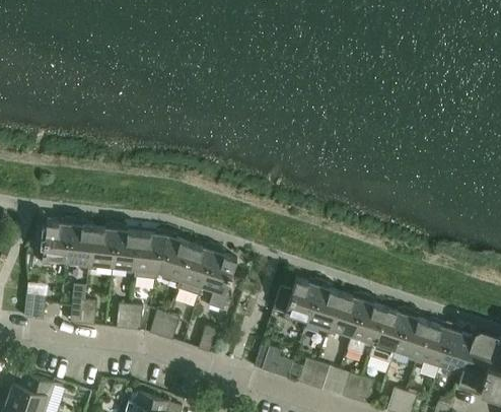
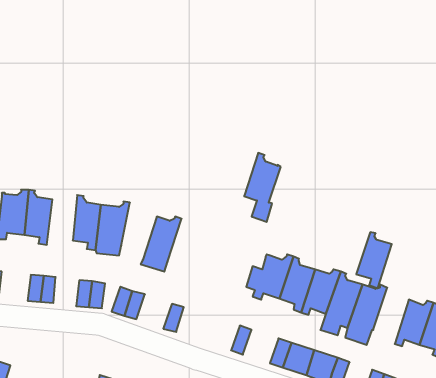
building: [88,223,117,270] -> none
building: [158,230,192,284] -> none
building: [202,246,236,311] -> [244,153,281,222]
building: [396,311,429,363] -> [356,232,392,288]

